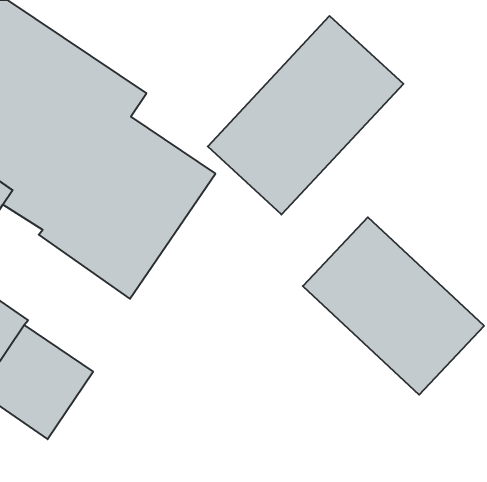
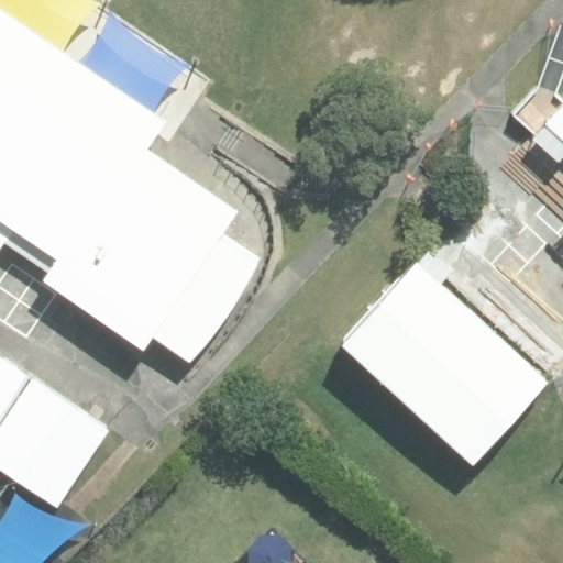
building: [208,16,403,215] -> none

